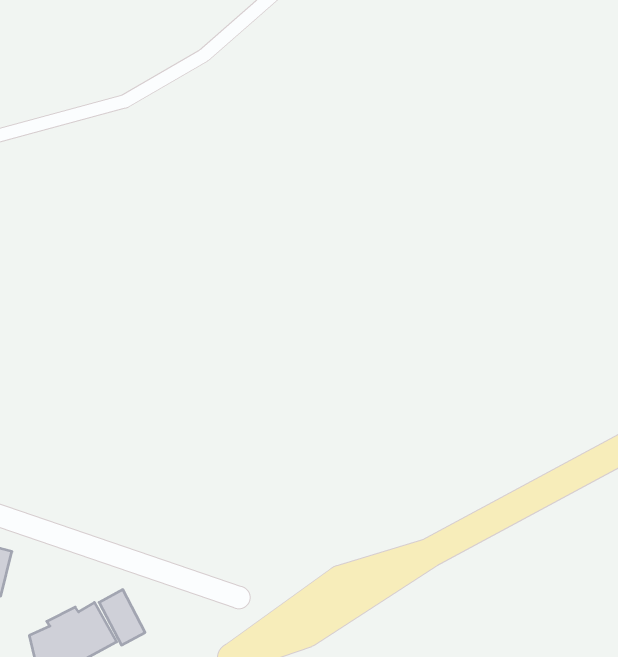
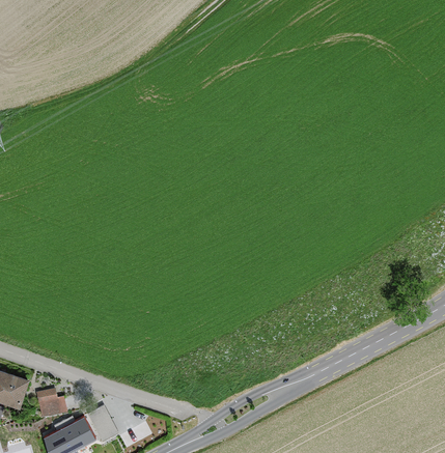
building: none -> [35,390,68,418]

